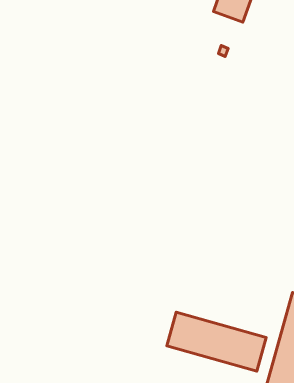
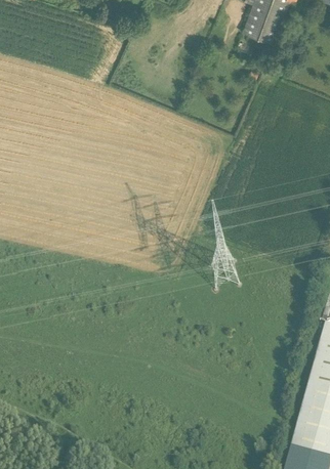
building: [167,312,266,371] -> none

